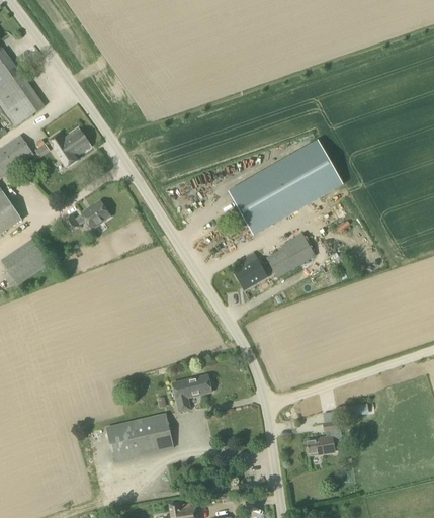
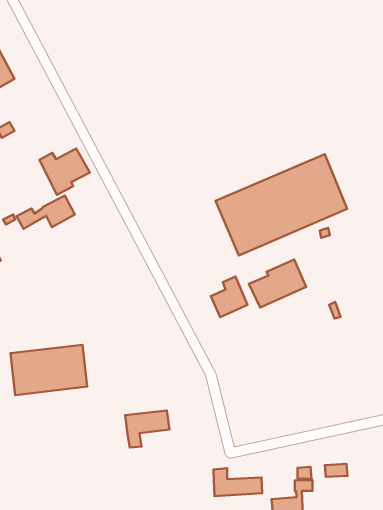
building: [48,126,92,168] -> [39,149,90,195]
building: [105,412,174,461] -> [11,345,87,395]
building: none -> [214,468,262,496]

